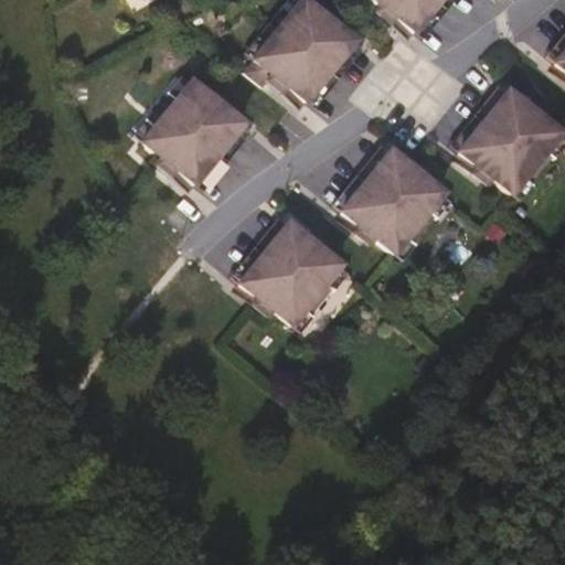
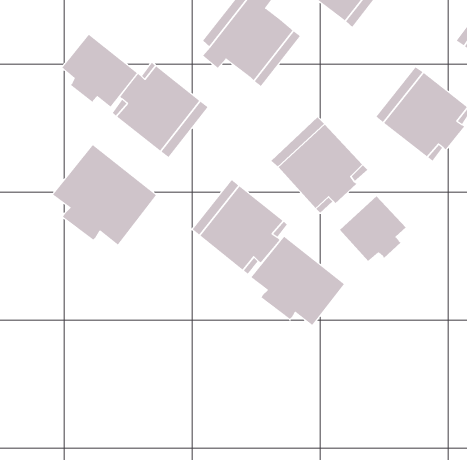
building: none -> [61,34,138,107]
building: none -> [52,144,157,245]
building: none -> [339,195,406,262]
building: none -> [251,236,345,326]

